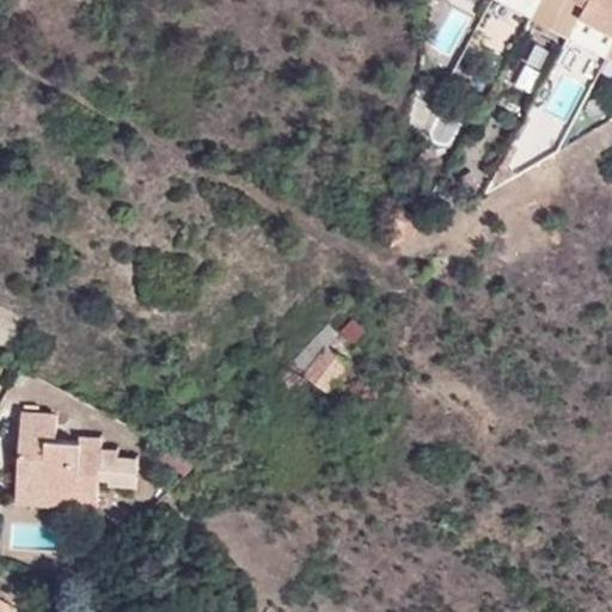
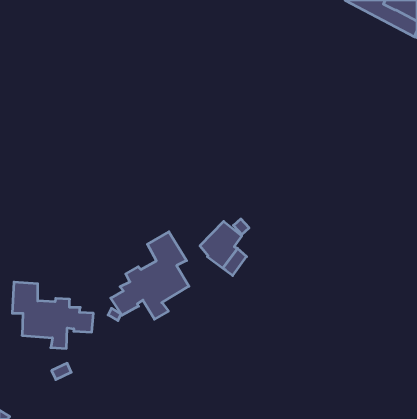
building: none -> [111,232,189,319]
building: [16,457,76,507] -> none

